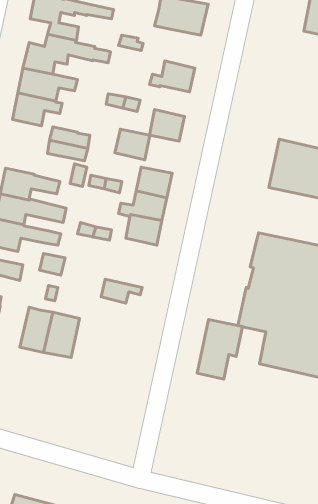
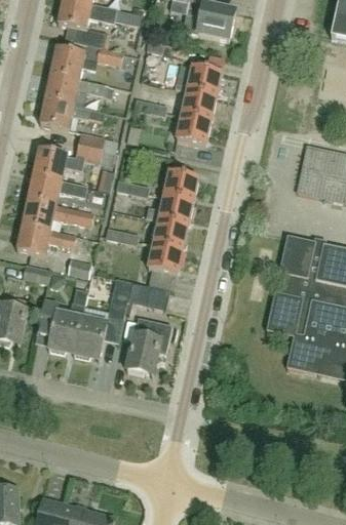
building: [115,129,150,160] -> [182,90,217,121]
building: none -> [33,149,67,178]
building: none -> [147,242,184,275]
building: none -> [97,278,131,319]
building: [197,319,242,379] -> [126,317,171,376]

